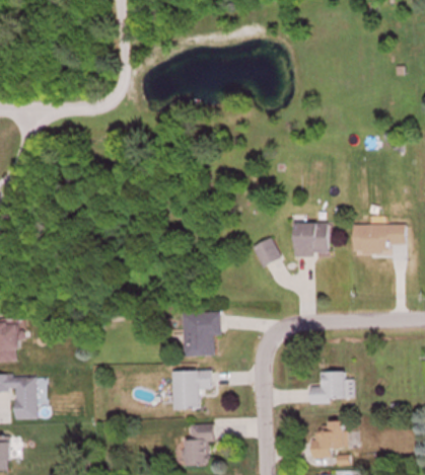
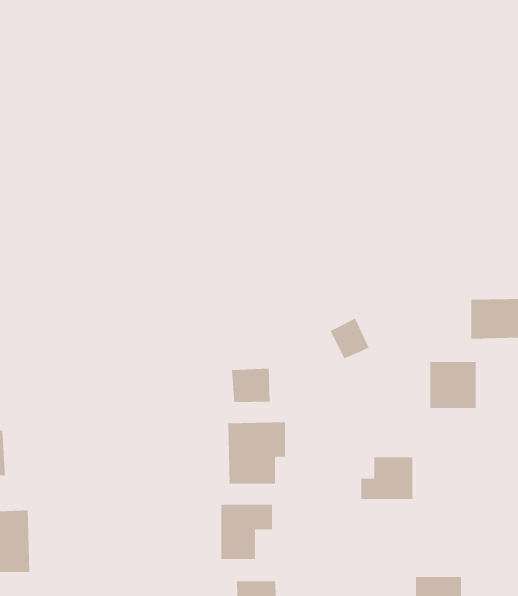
building: [294,222,328,255] -> [430,362,476,408]
building: none -> [231,368,270,403]
building: [309,372,347,402] -> [361,457,413,499]

